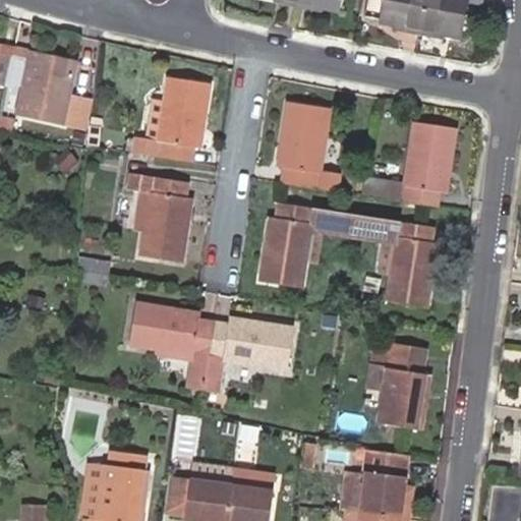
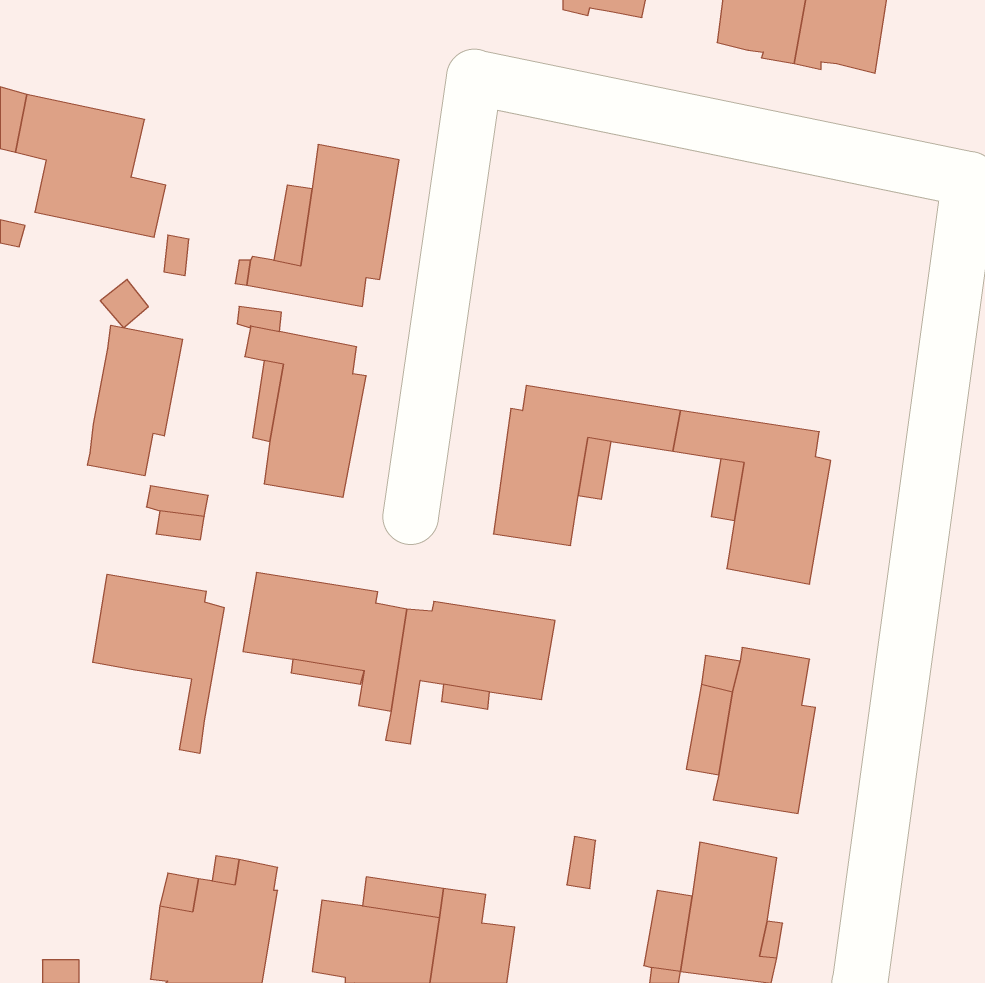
building: [278,102,338,190] -> none
building: [362,122,456,207] -> none
building: none -> [88,325,183,476]
building: none -> [93,574,224,753]

